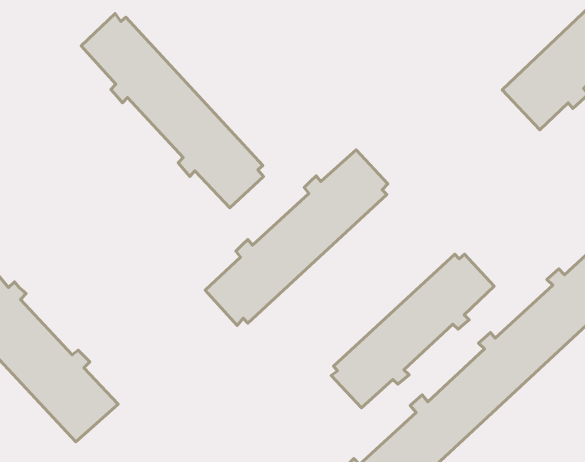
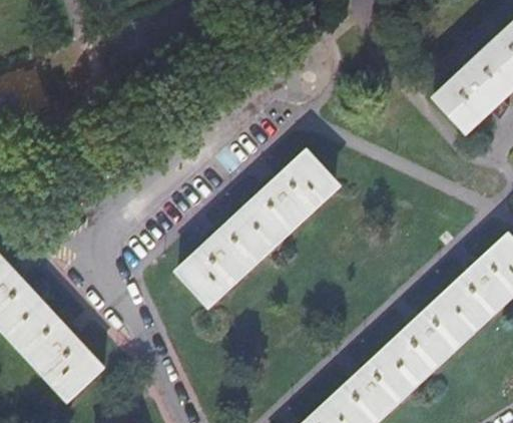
building: [81,14,264,208] -> none
building: [331,254,494,408] -> none

